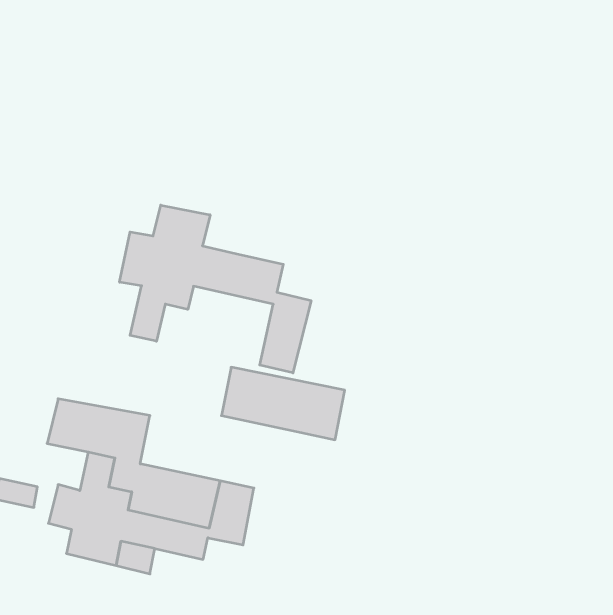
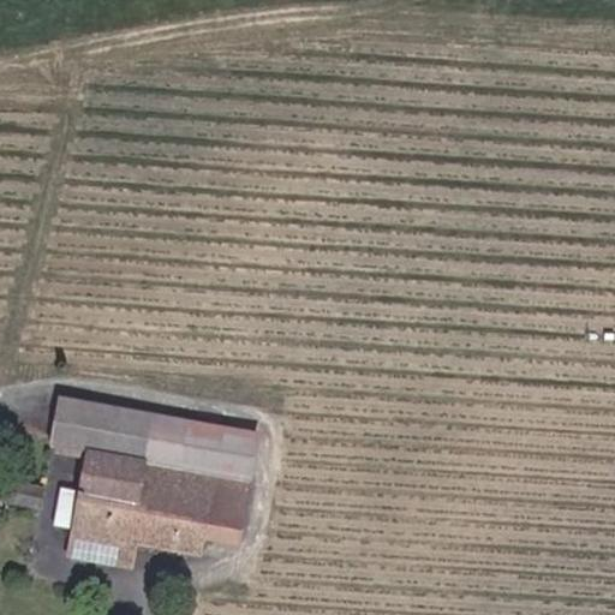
building: [120,205,311,373] -> none
building: [221,367,345,440] -> [139,413,262,485]

